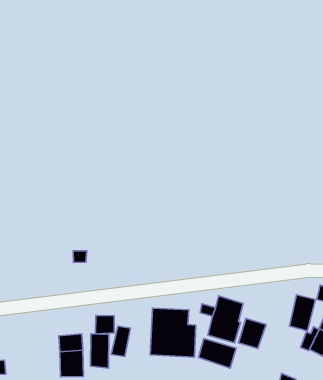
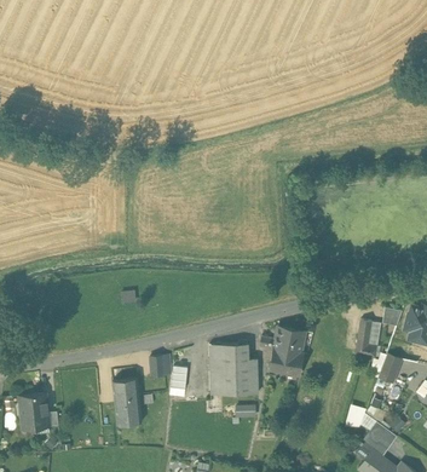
building: [238,319,266,349] -> none
building: [91,334,109,368] -> none
building: [198,338,236,368] -> none

